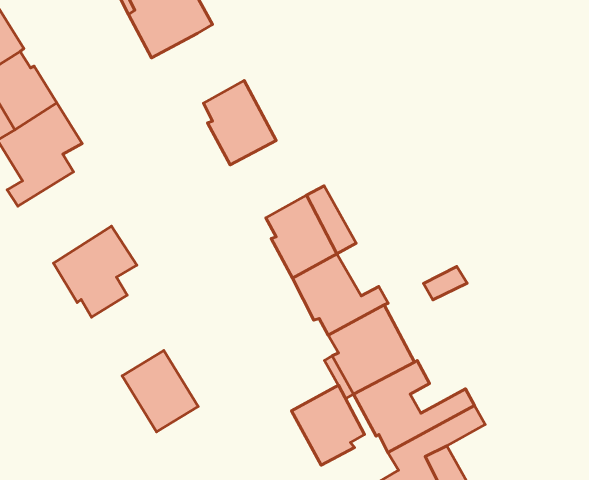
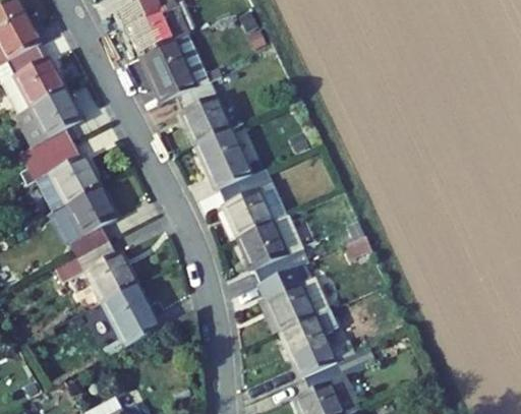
building: none -> [141,44,212,105]
building: none -> [196,130,253,191]
building: none -> [31,143,102,213]
building: none -> [60,241,135,303]
building: [291,385,364,465] -> none

